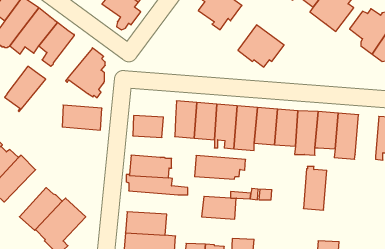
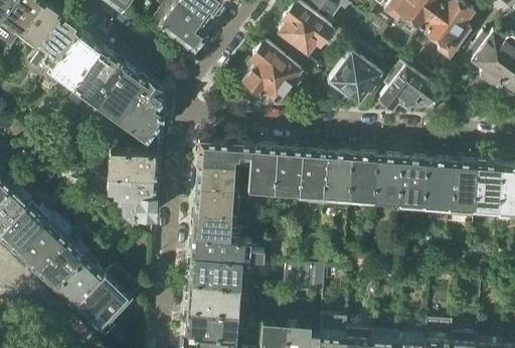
building: none -> [242,45,309,105]
building: none -> [380,64,446,114]
building: [5,66,46,112] -> [95,66,146,123]
building: none -> [197,144,250,170]
building: none -> [108,180,156,224]
building: none -> [194,191,238,219]
building: [195,156,246,179] -> [189,259,252,289]
building: [303,166,327,210] -> [473,162,502,216]
building: none -> [36,239,89,292]

